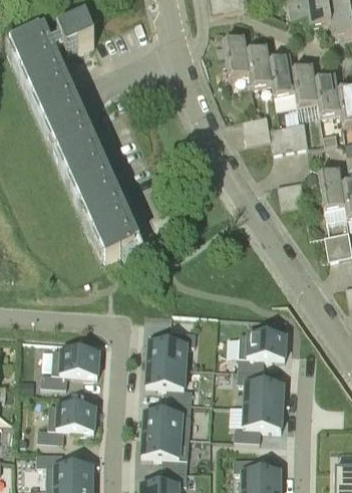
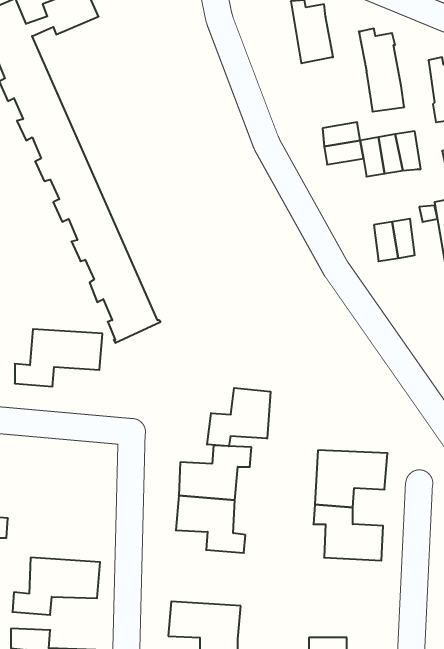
building: [246,44,273,86] -> none
building: [291,63,318,106] -> none
building: none -> [207,388,271,446]
building: [42,349,100,388] -> [15,329,102,386]
building: [143,400,192,437] -> none
building: [235,405,283,441] -> none

